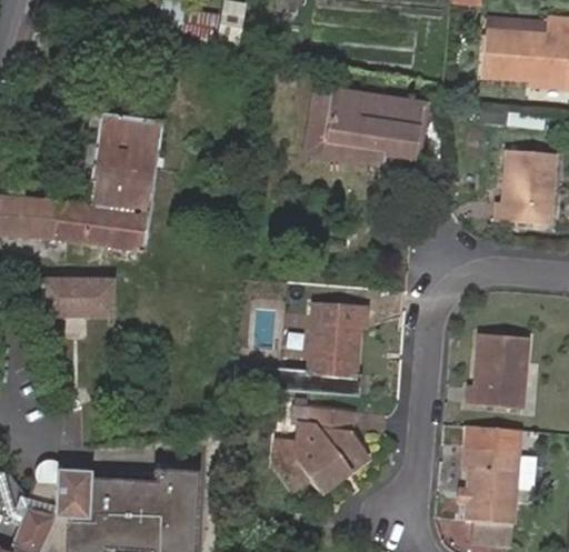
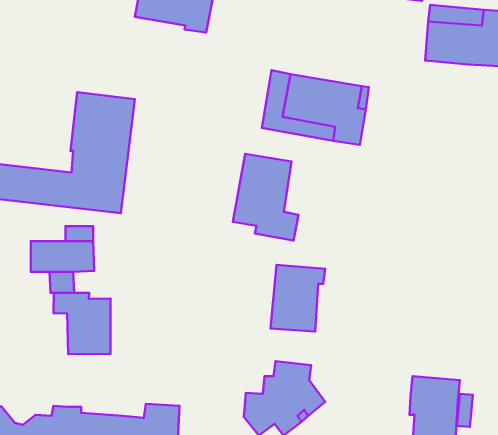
building: [492,150,555,228] -> none
building: none -> [233,154,299,240]
building: none -> [53,293,110,354]
building: [470,337,529,412] -> none

